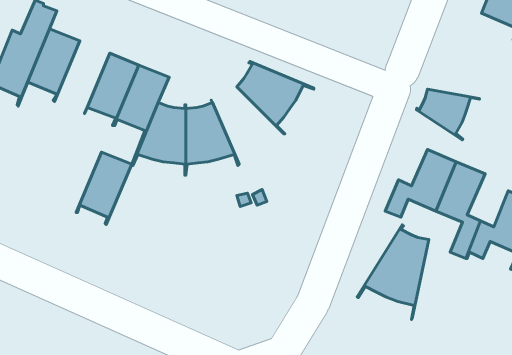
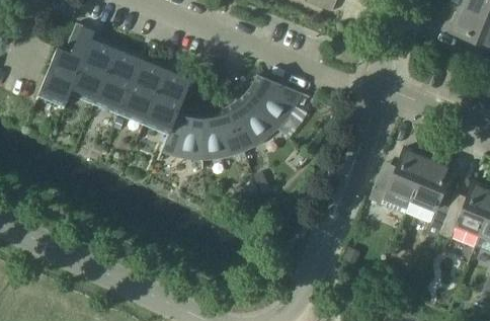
building: none -> [224,93,284,160]
building: [417,89,480,140] -> none
building: [76,152,132,225] -> [92,57,139,117]
building: [357,225,429,320] -> none

